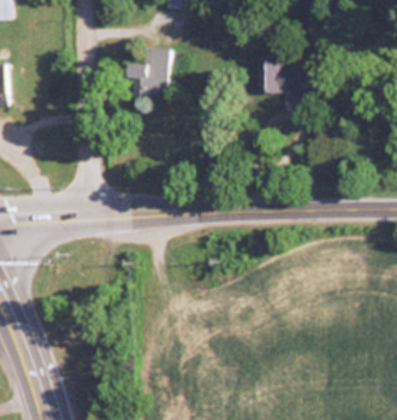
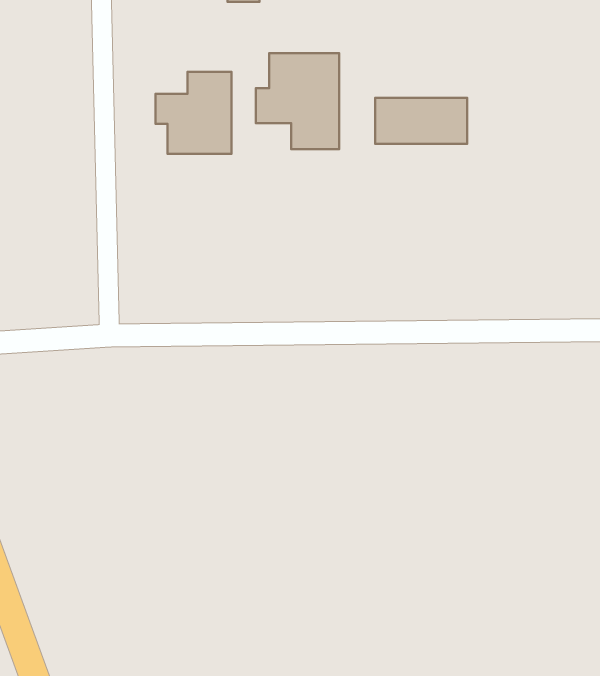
building: none -> [256,53,339,149]

